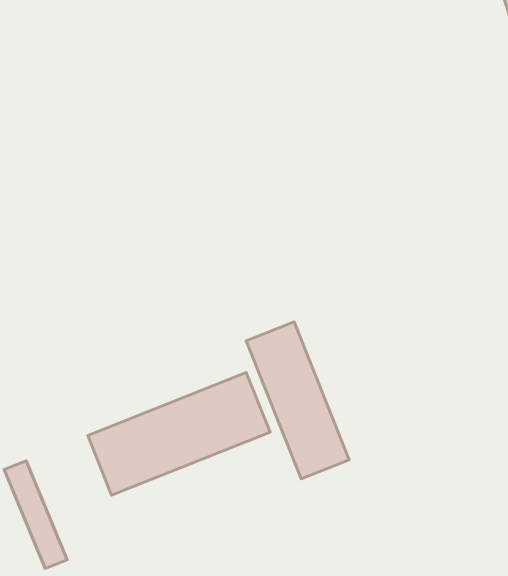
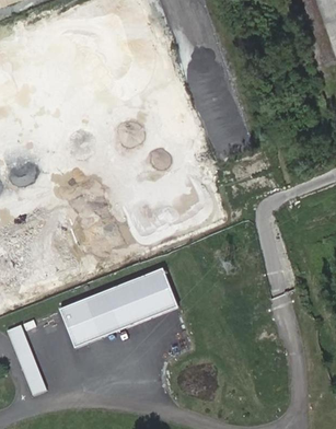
building: [246,322,349,479] -> none

